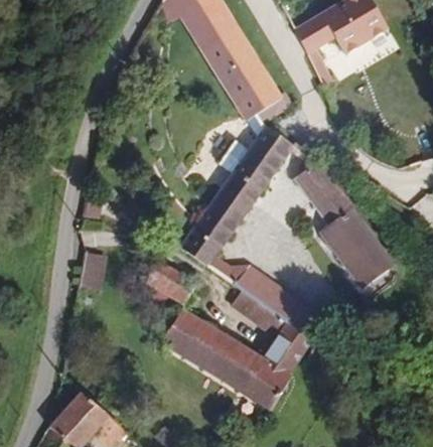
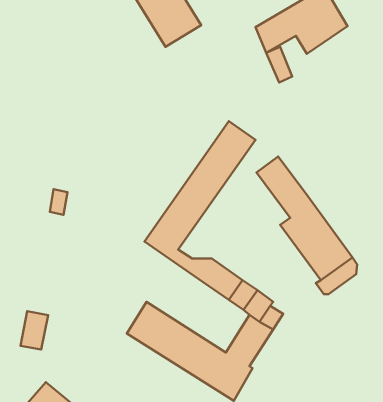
building: [202,27,282,120] -> none
building: [79,253,107,292] -> [20,311,48,350]
building: [146,260,196,305] -> none
building: [230,289,288,335] -> none

